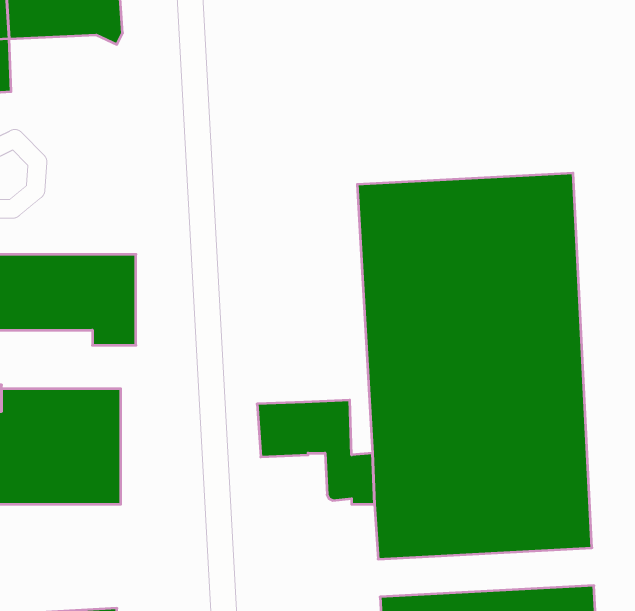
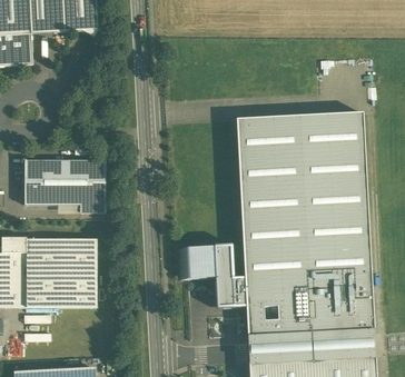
building: none -> [247,331,374,360]

